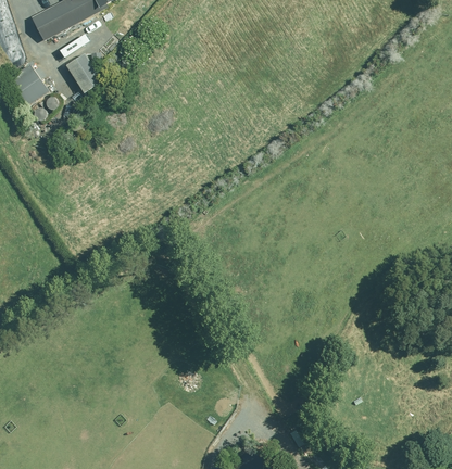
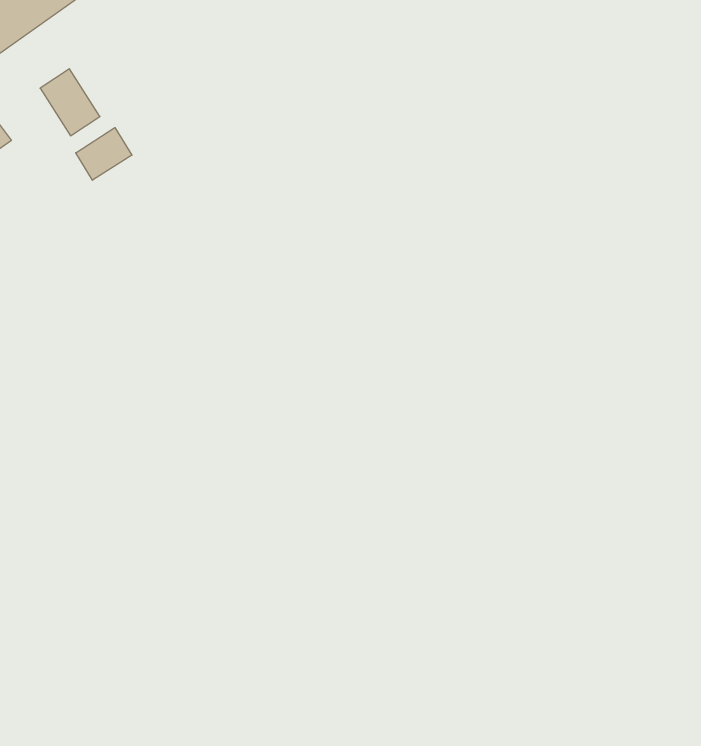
building: none -> [76,128,132,180]

